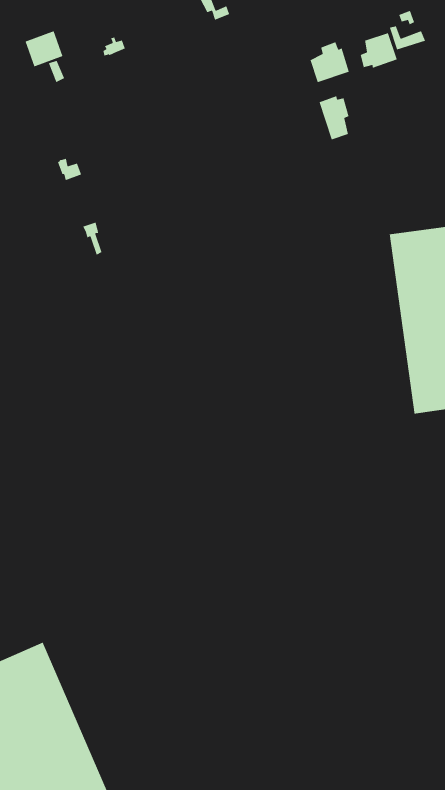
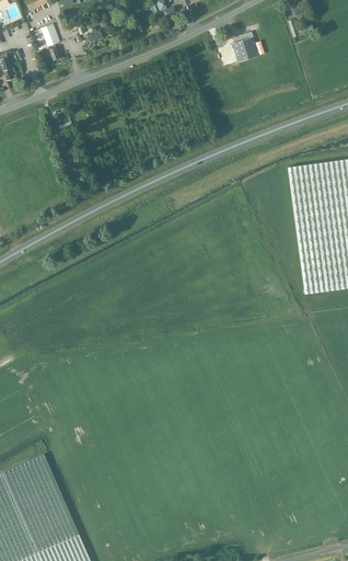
building: [360,32,398,69] -> none
building: [318,95,350,140] -> none

